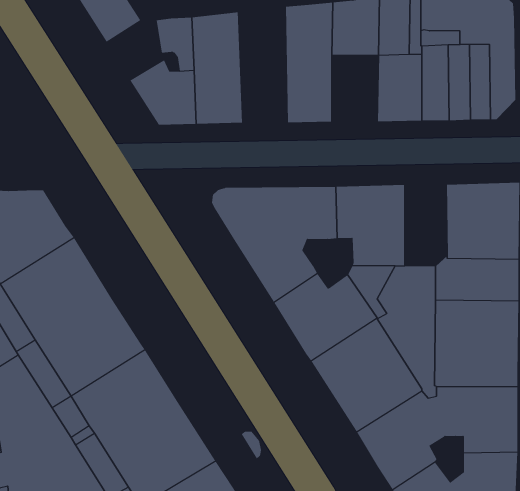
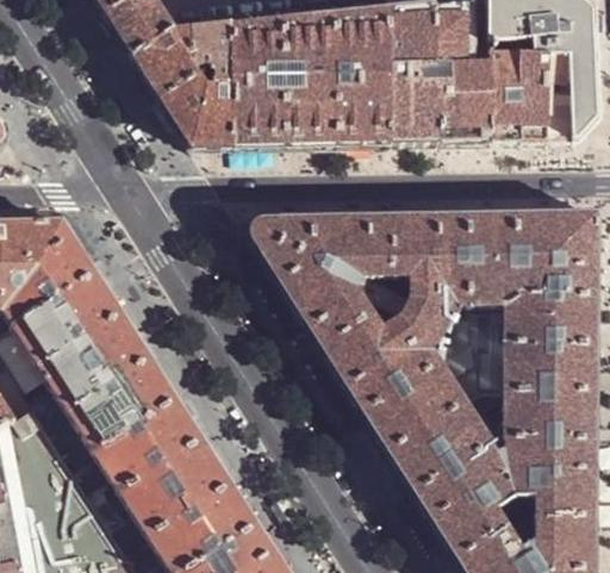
building: none -> [281,11,336,142]
building: none -> [132,26,198,94]
building: none -> [386,66,438,141]
building: none -> [468,211,516,303]
building: none -> [354,272,410,328]
building: none -> [497,494,534,546]

